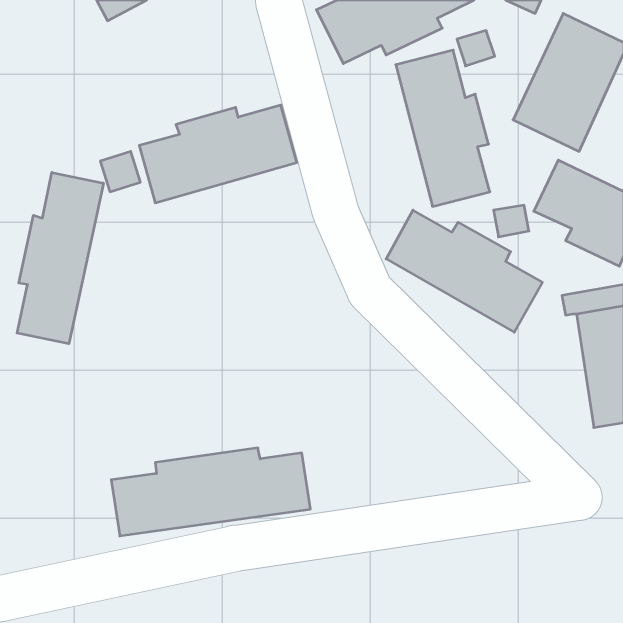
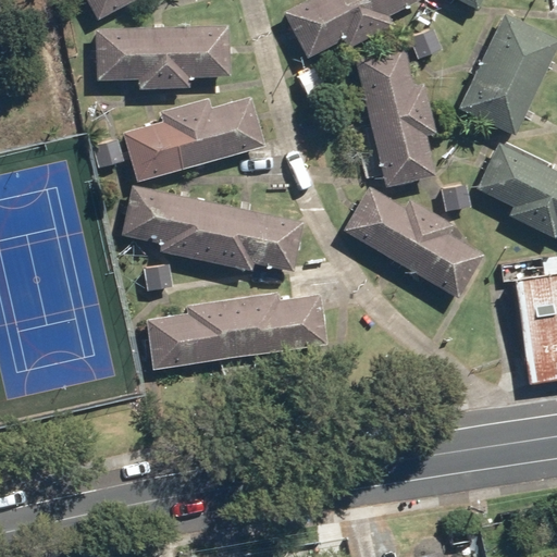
building: none -> [95,29,231,90]
building: [17,172,103,344] -> none
building: none -> [121,183,302,273]
building: [111,448,310,536] -> [148,290,325,369]

